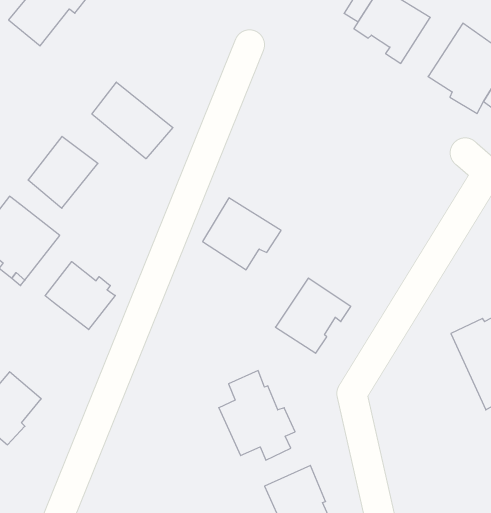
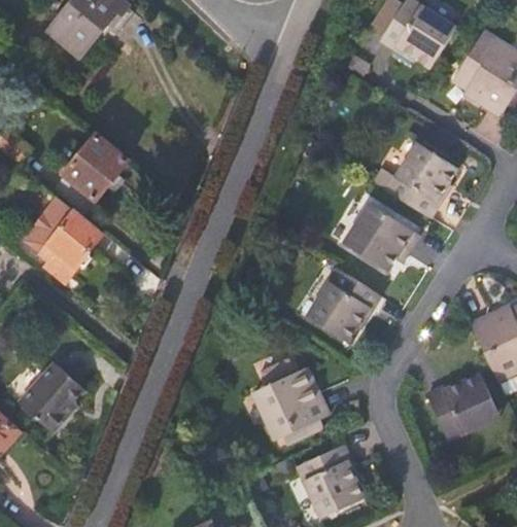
building: [92,82,173,159] -> none
building: none -> [387,145,456,218]
building: [203,198,281,270] -> [342,206,416,274]
building: [45,262,115,330] -> none
building: none -> [429,376,498,438]

